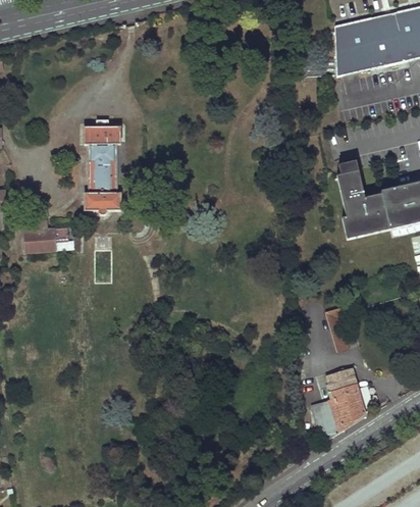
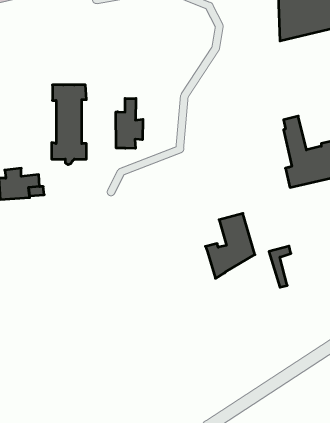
building: none -> [116,98,143,148]
building: [309,368,364,441] -> [205,213,255,278]

